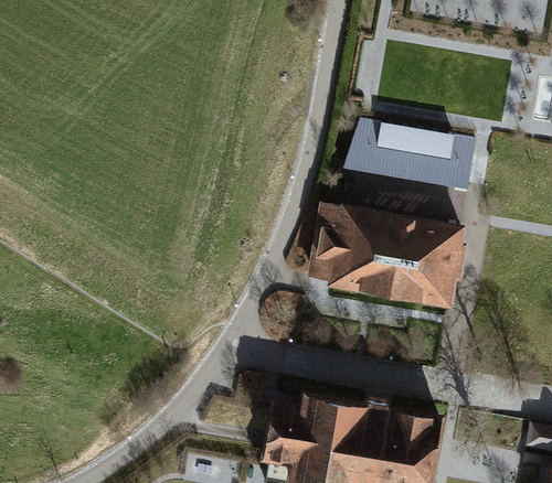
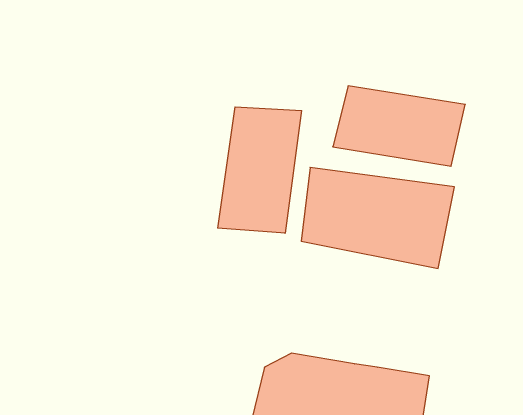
building: none -> [218,107,302,233]

